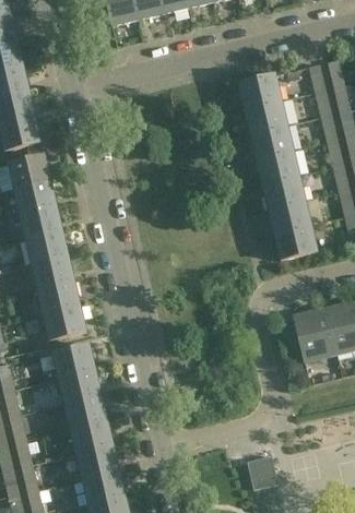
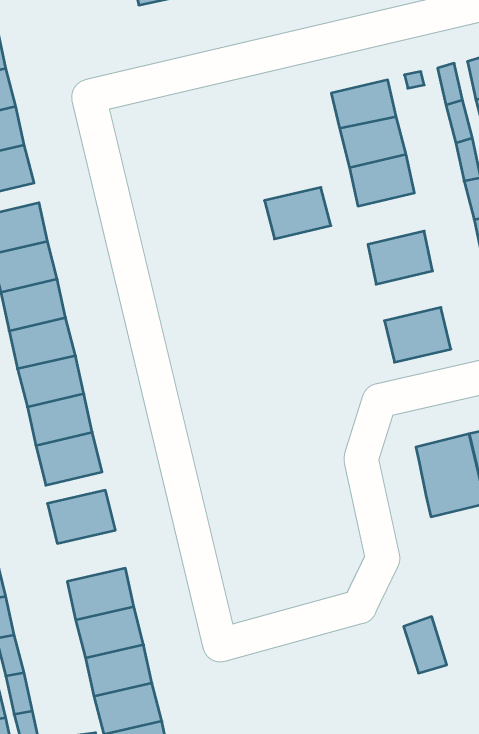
building: [255,148,298,182] -> [264,187,331,239]
building: [267,200,309,232] -> none
building: [57,370,102,404] -> none
building: [256,460,284,497] -> [404,617,447,673]

